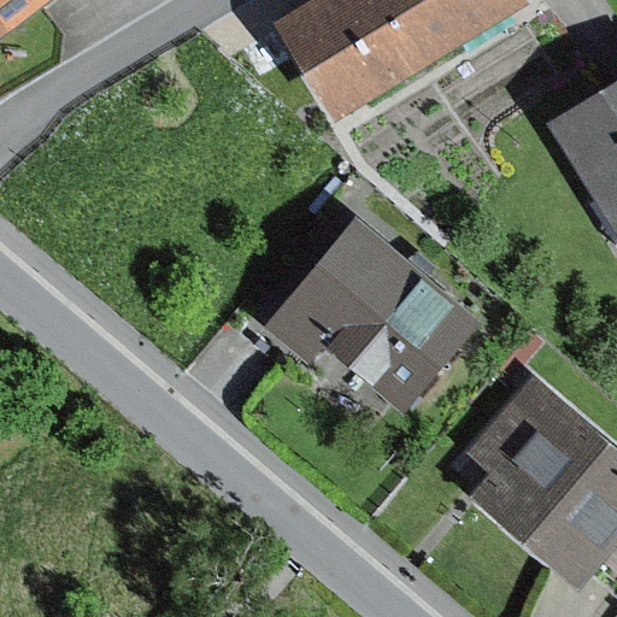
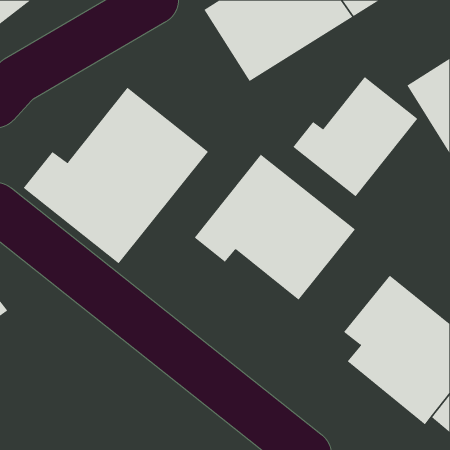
building: none -> [293,76,418,197]
building: none -> [23,87,209,264]

